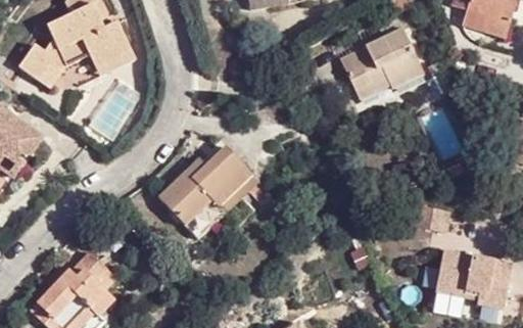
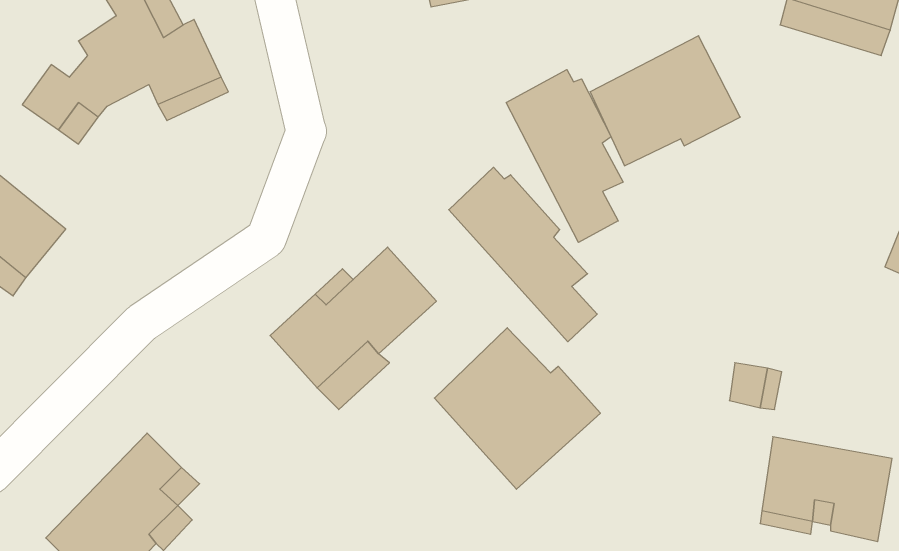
building: none -> [506,70,623,242]
building: none -> [449,167,597,342]
building: none -> [434,328,600,489]

